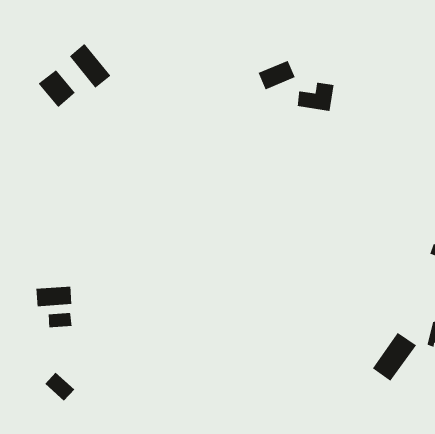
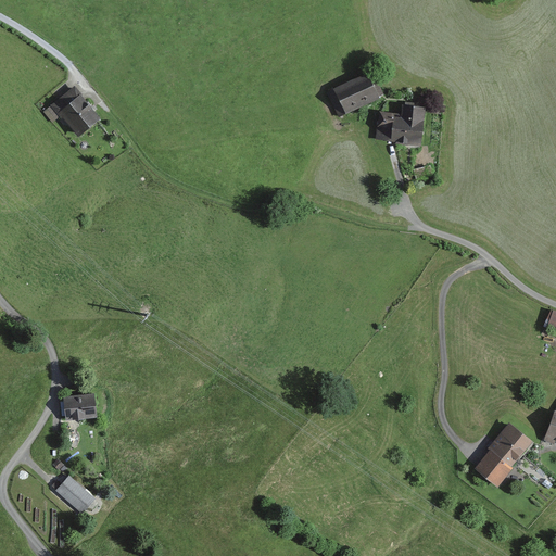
building: [69,43,112,89] -> none
building: [36,286,72,307] -> none

